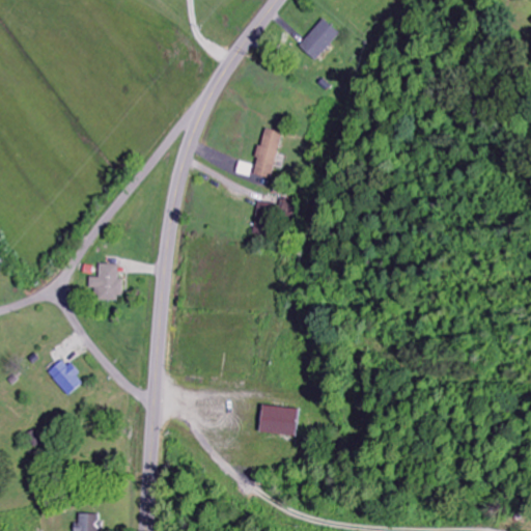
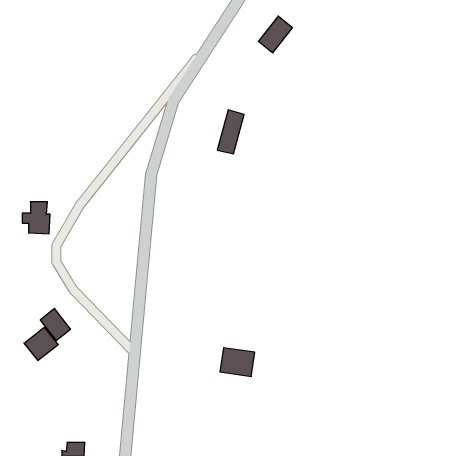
building: [88,263,120,301] -> [22,202,50,234]
building: none -> [24,327,58,361]

